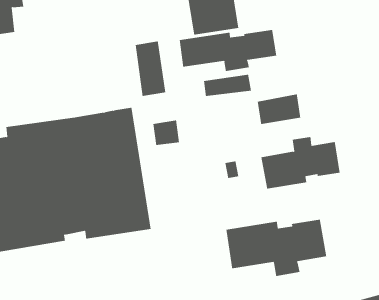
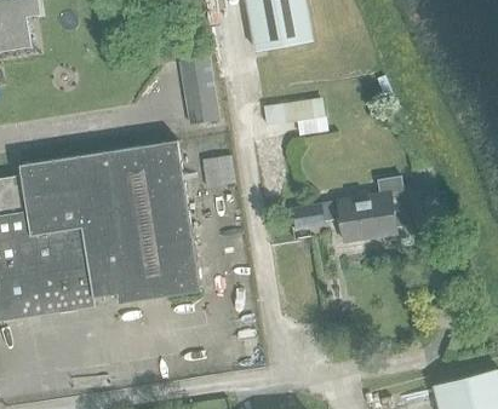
building: [179,29,277,72] -> none
building: [257,94,301,125] -> none
building: [226,219,327,277] -> none

